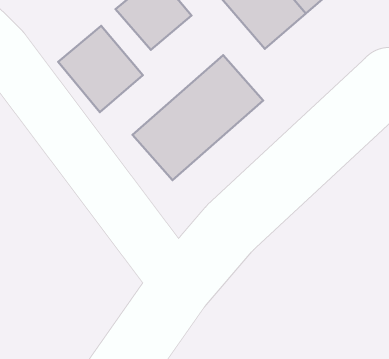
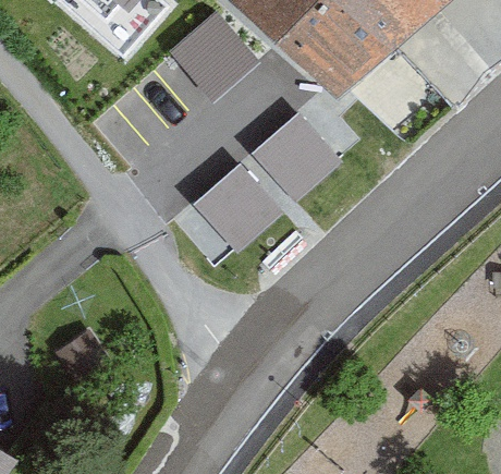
building: [58,26,143,112] -> none

